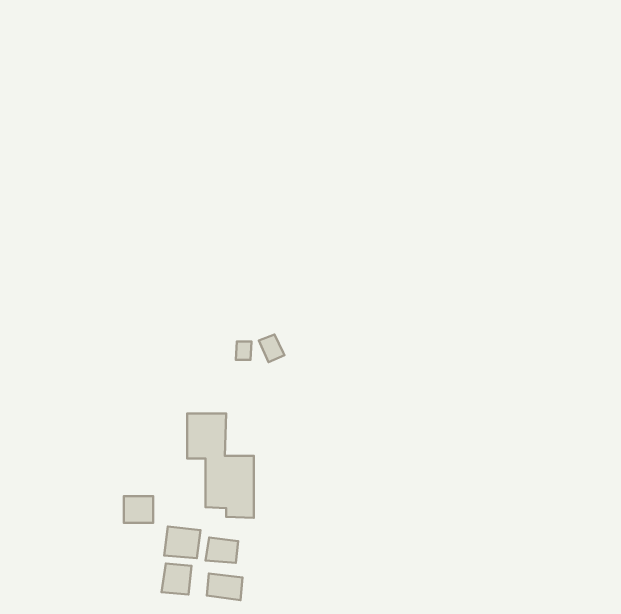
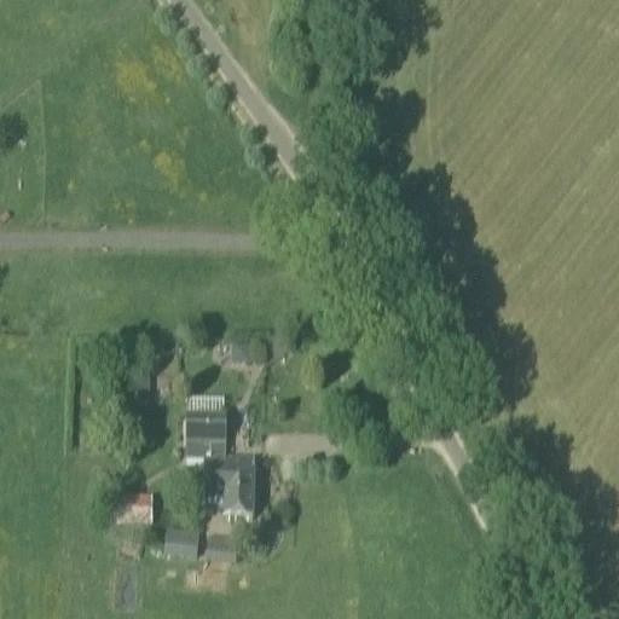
building: [162,564,192,595] -> none
building: [207,574,243,600] -> none

